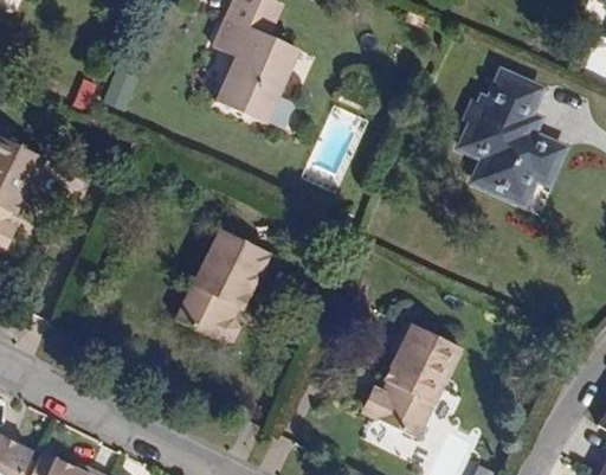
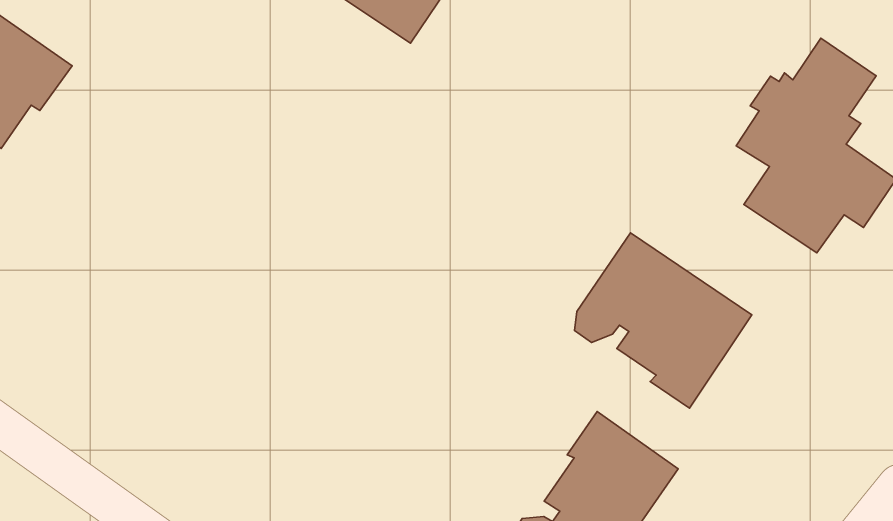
building: none -> [575,233,752,408]
building: [176,235,273,346] -> none

